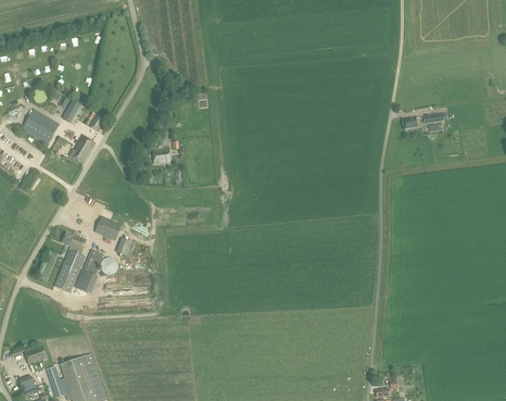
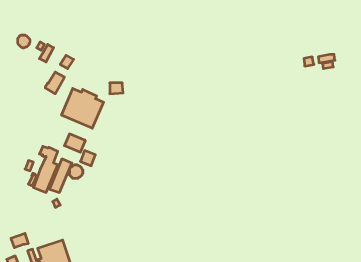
building: [21,108,59,143] -> none
building: none -> [62,88,104,128]

